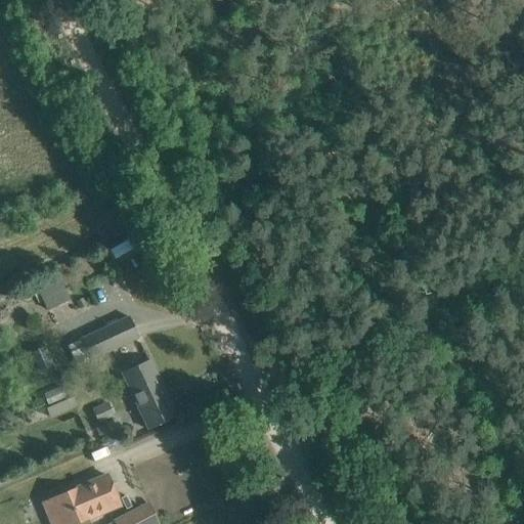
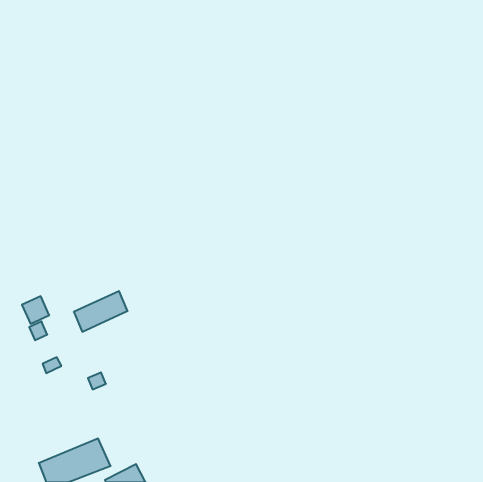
building: [39,278,69,308] -> [22,296,49,324]
building: [121,358,176,429] -> none

